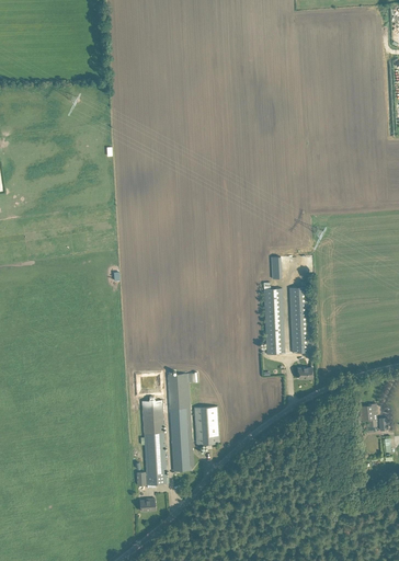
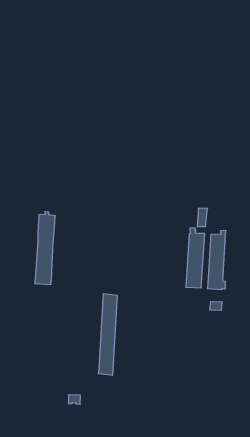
building: [141,397,166,484] -> [35,212,55,284]
building: [193,405,218,445] -> none

